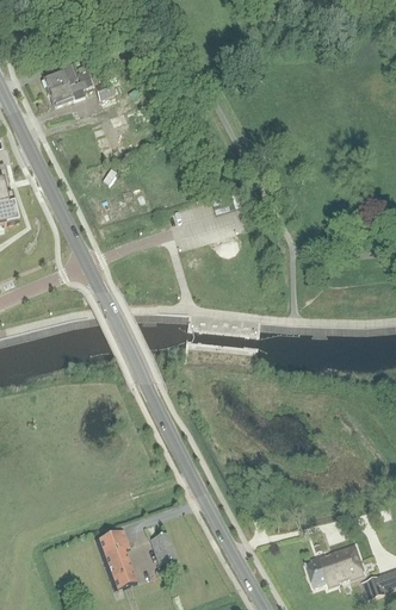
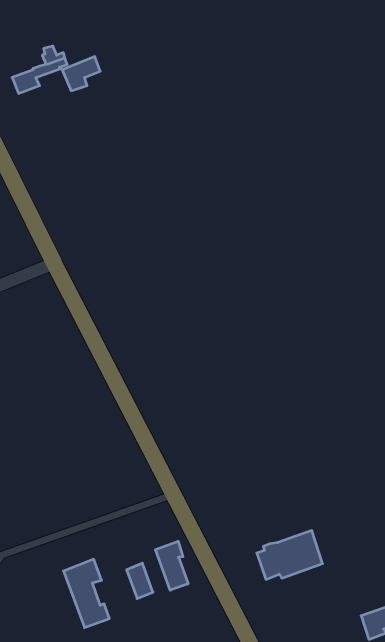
building: [44,61,76,92] -> none
building: none -> [155,541,188,590]
building: [305,543,365,587] -> [257,531,323,579]

